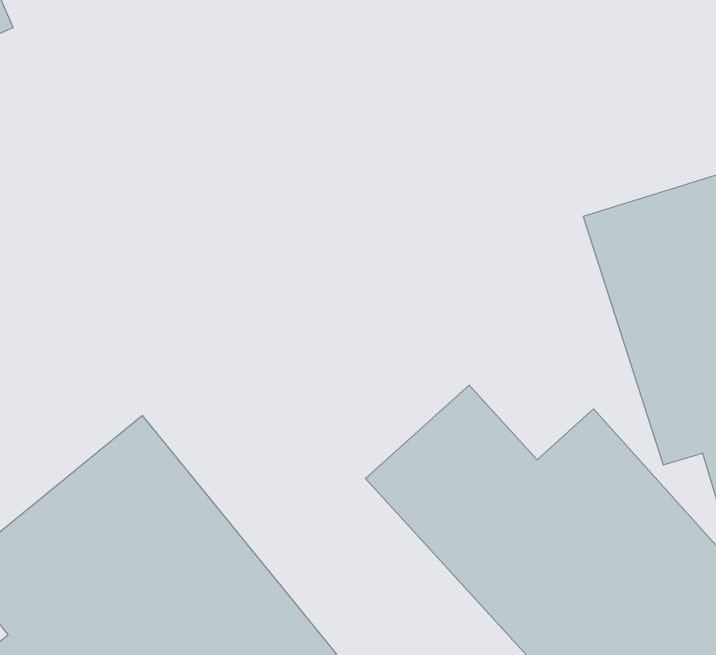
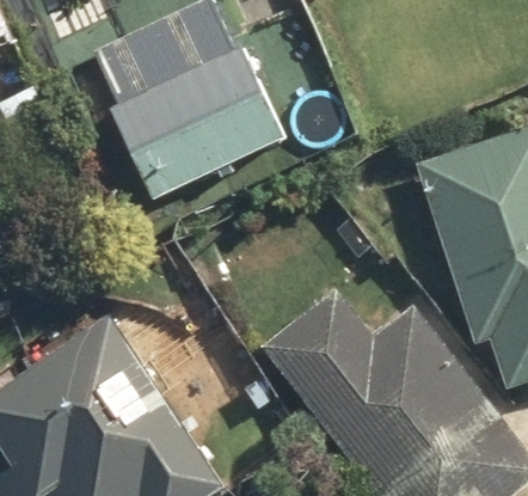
building: none -> [108,29,281,209]

